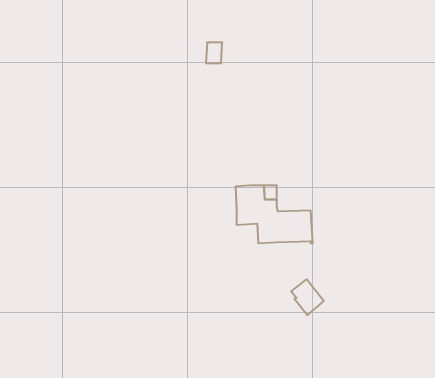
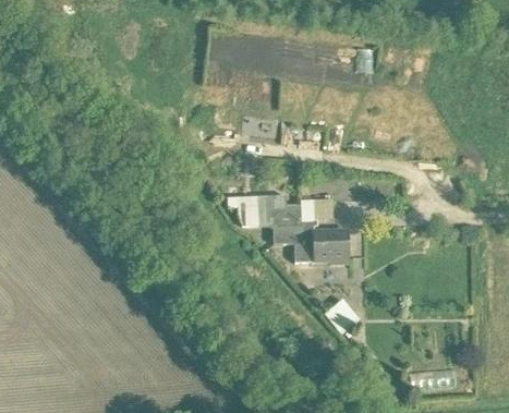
building: none -> [228,194,287,228]

